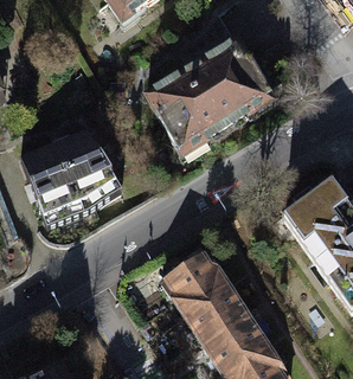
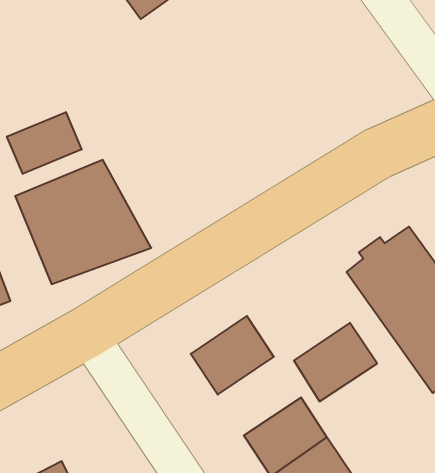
building: [146,40,270,153] -> none
building: none -> [7,112,82,174]
building: [181,282,246,343] -> [294,323,377,401]

